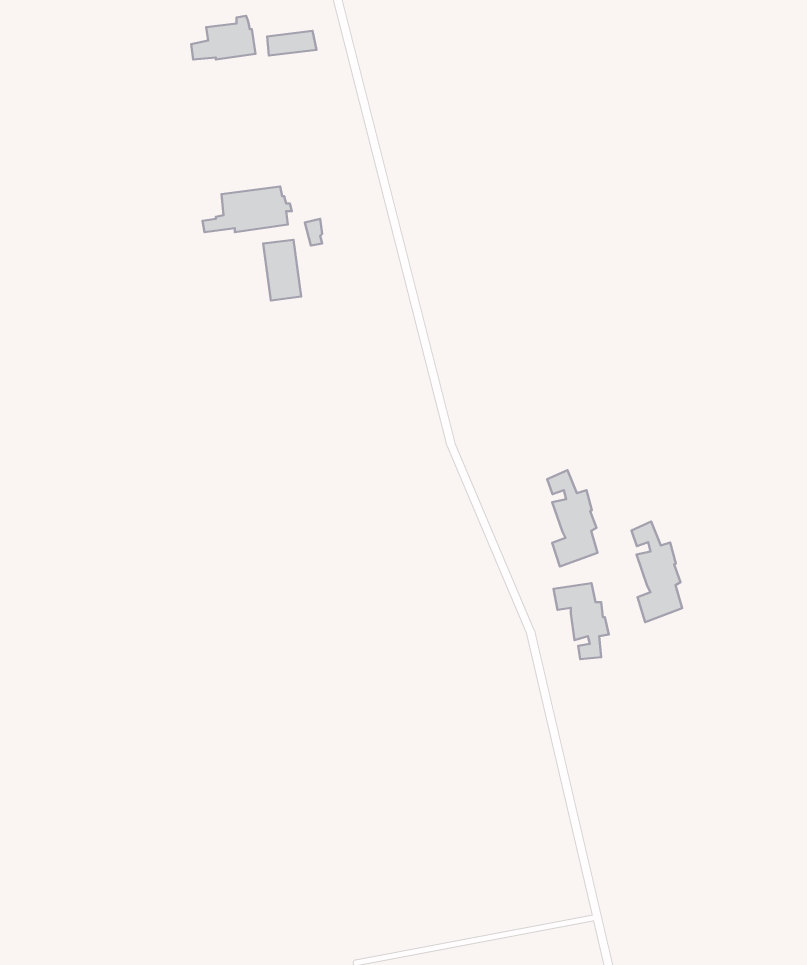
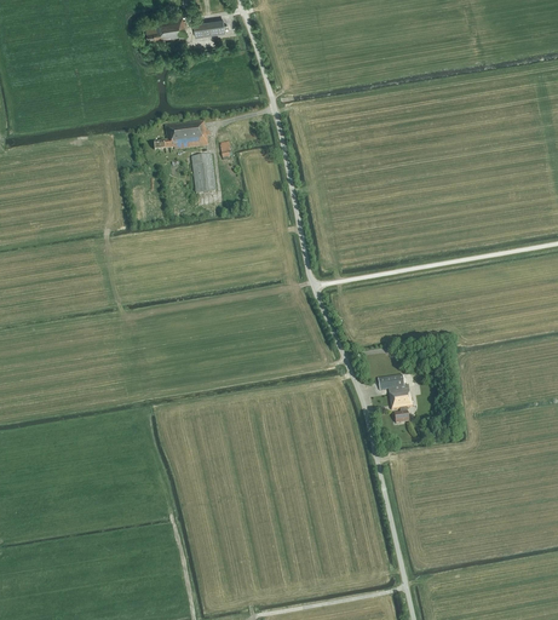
building: [547,470,598,567] -> none
building: [632,522,682,622] -> none

